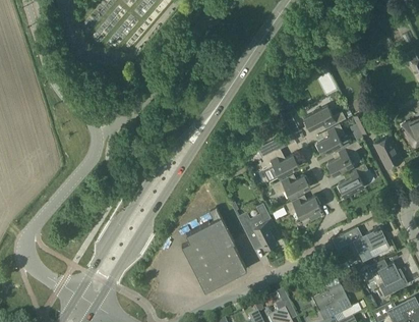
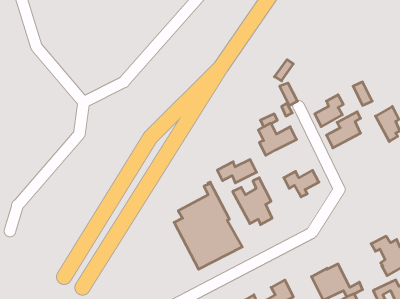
building: [302,105,344,128] -> none
building: [338,163,369,195] -> none
building: [272,174,309,197] -> [217,160,257,183]
building: [342,226,386,262] -> none

